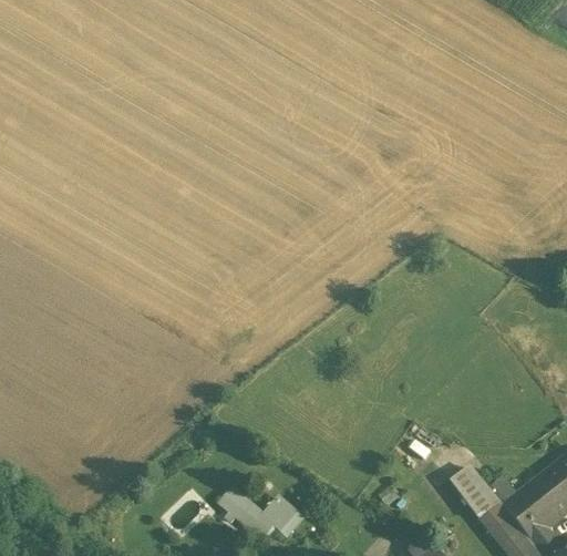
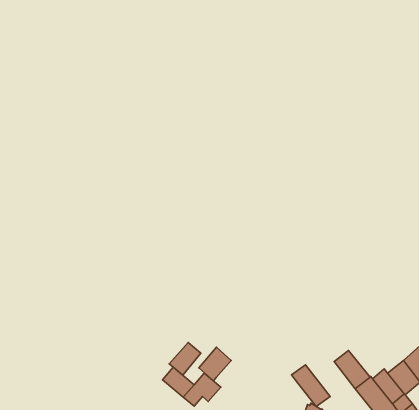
building: none -> [169,342,201,375]
building: none -> [199,347,231,381]
building: none -> [292,365,330,406]

